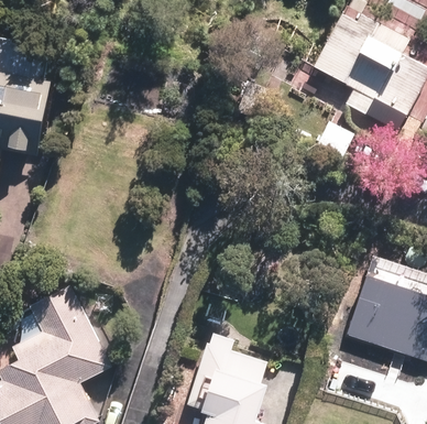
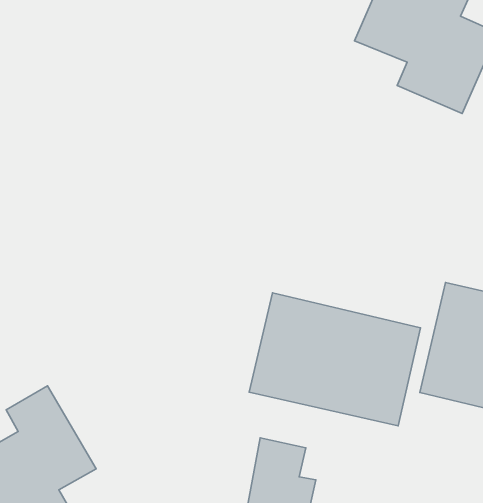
building: none -> [249,293,421,426]

